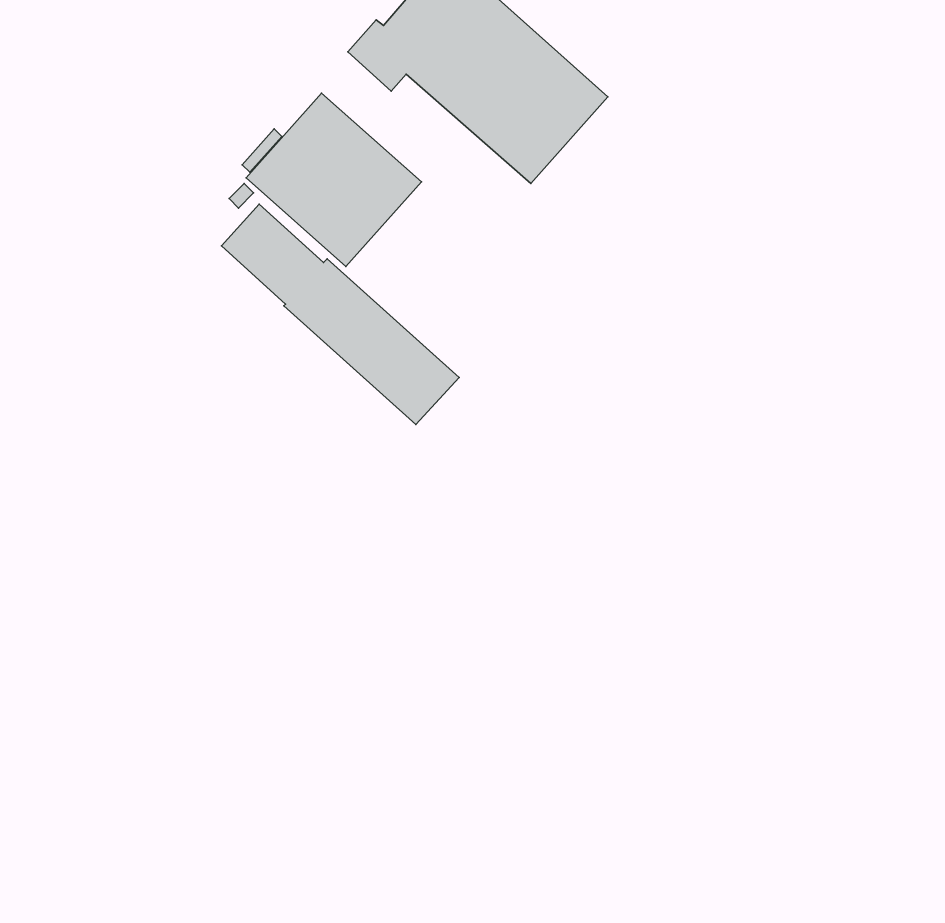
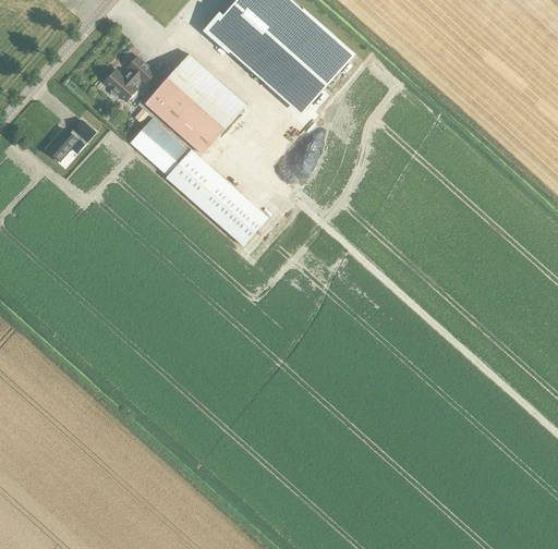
building: none -> [104,57,154,101]
building: none -> [45,121,93,161]

